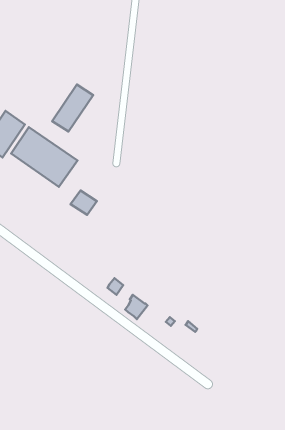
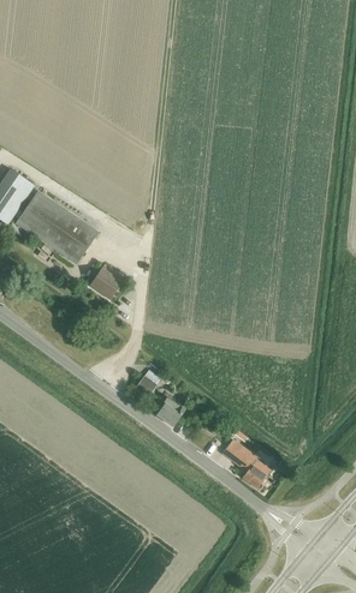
building: [52,85,93,132] -> none
building: none -> [222,438,271,487]

